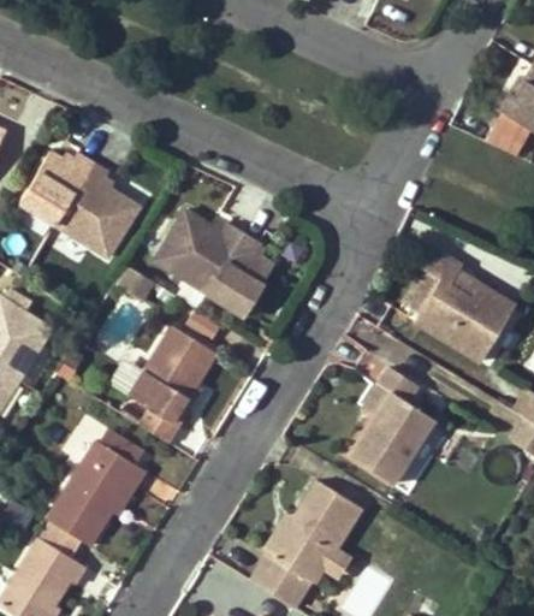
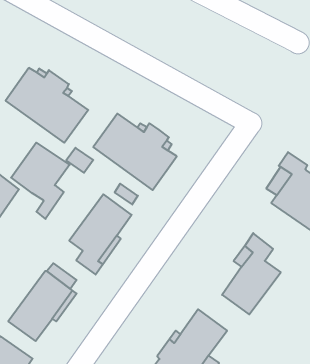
building: none -> [11,143,70,219]

